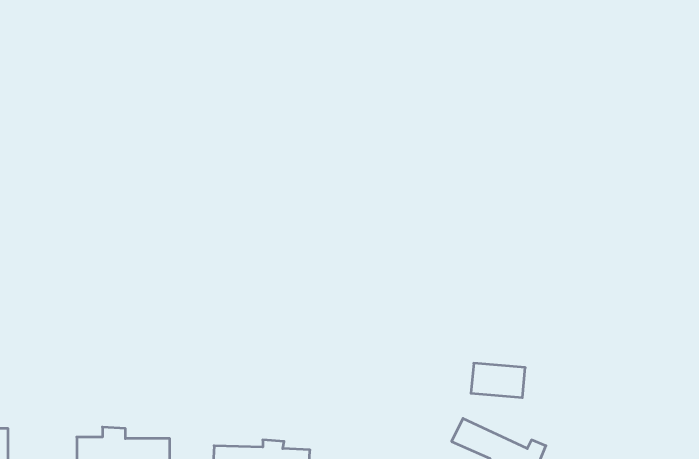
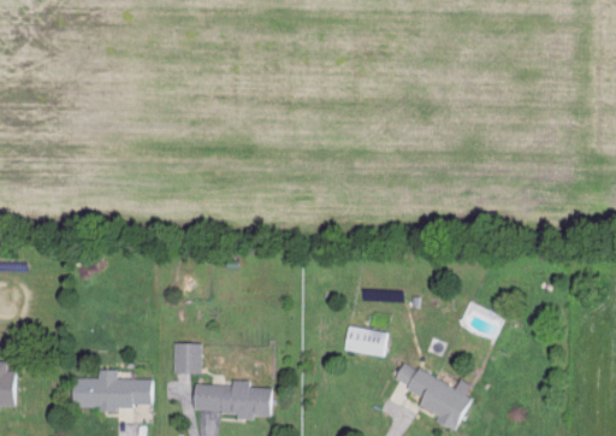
building: [471,363,525,398] -> [340,328,386,357]
building: none -> [172,343,201,373]

